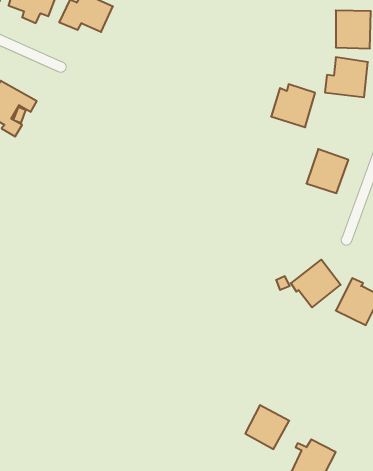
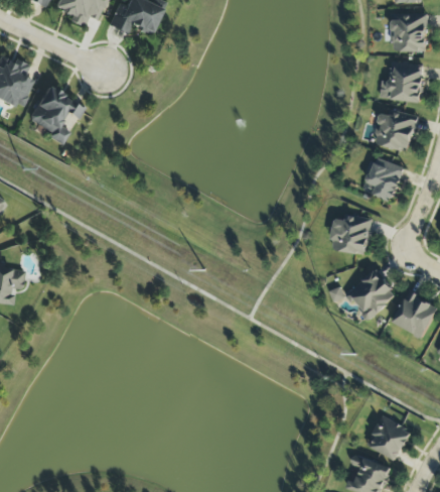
building: [271,84,315,127] -> [373,109,418,153]
building: none -> [330,216,373,254]
building: [245,405,289,449] -> [366,415,412,461]

